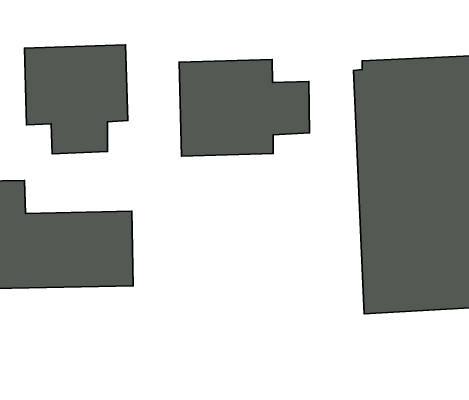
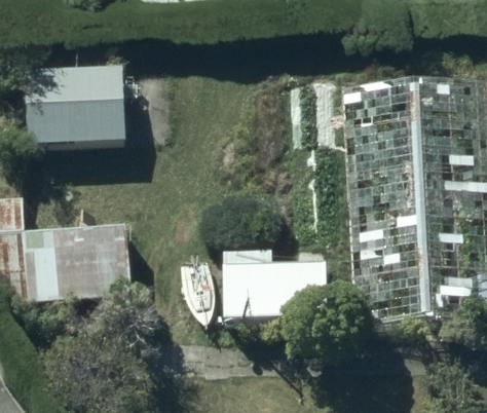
building: [179,60,309,156] -> none
building: none -> [225,246,331,314]

